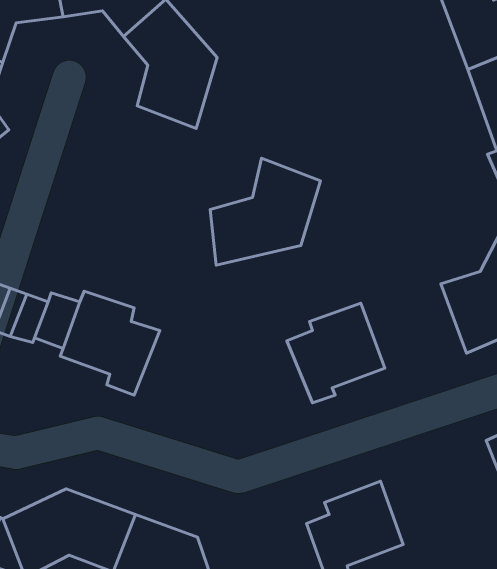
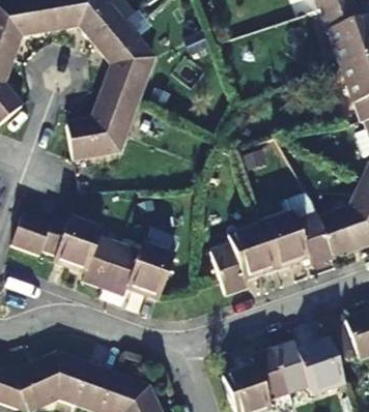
building: [210,158,320,265] -> [73,90,148,164]
building: none -> [261,211,334,270]
building: none -> [106,244,179,302]
building: none -> [275,335,348,391]

